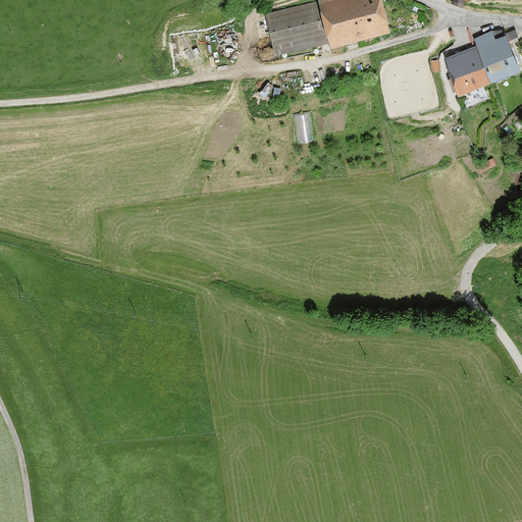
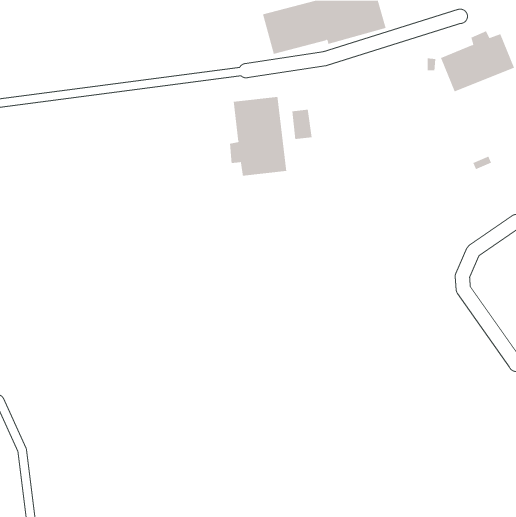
building: none -> [229,96,287,176]

